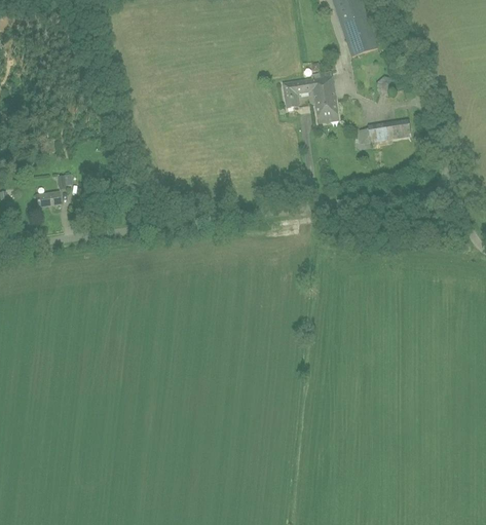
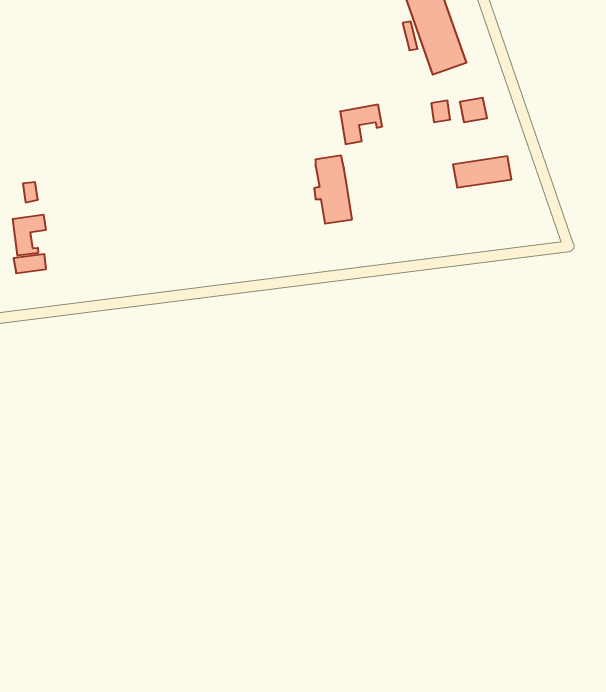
building: [309,72,338,123] -> [314,156,352,224]
building: none -> [13,215,46,256]

